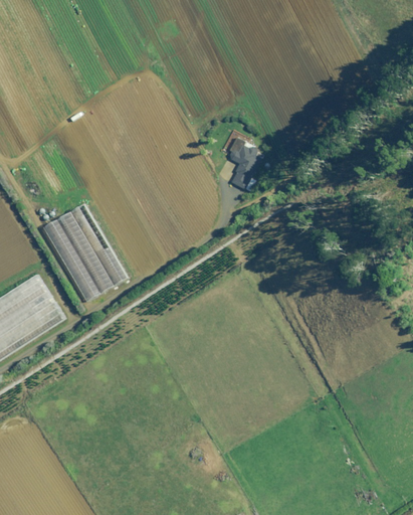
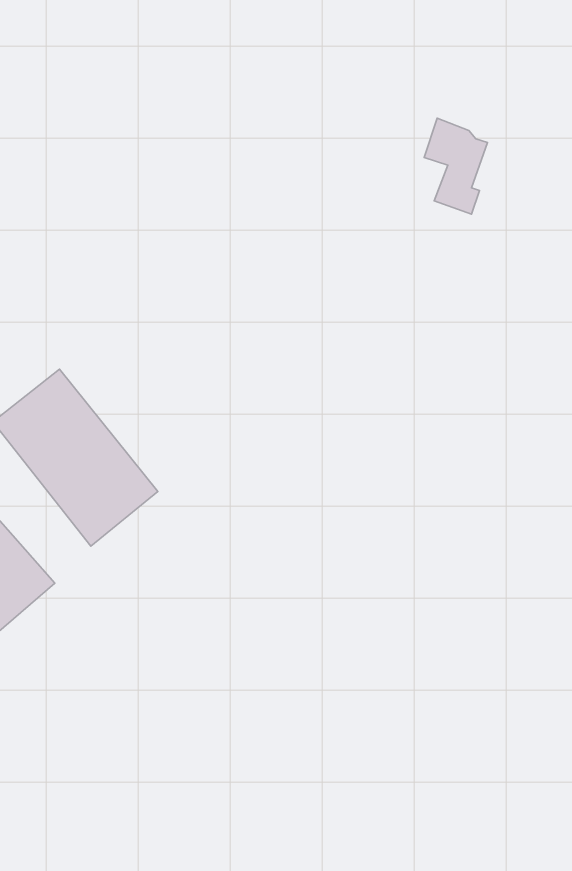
building: [227,137,262,191] -> [424,118,487,214]

